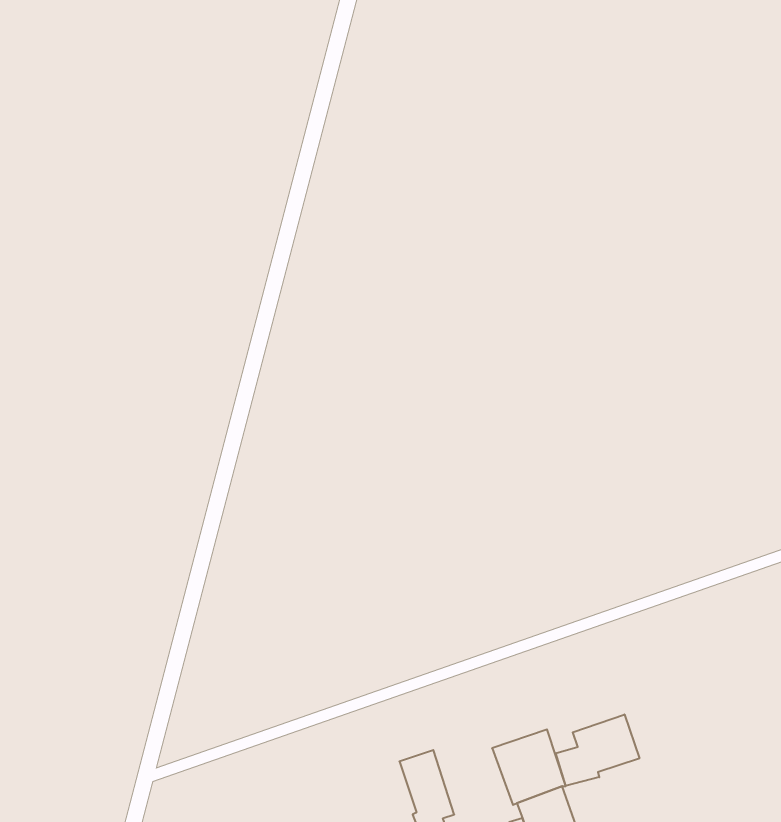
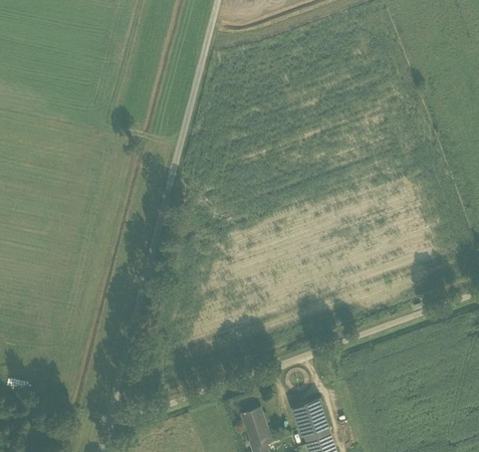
building: [556,714,639,786] -> none

